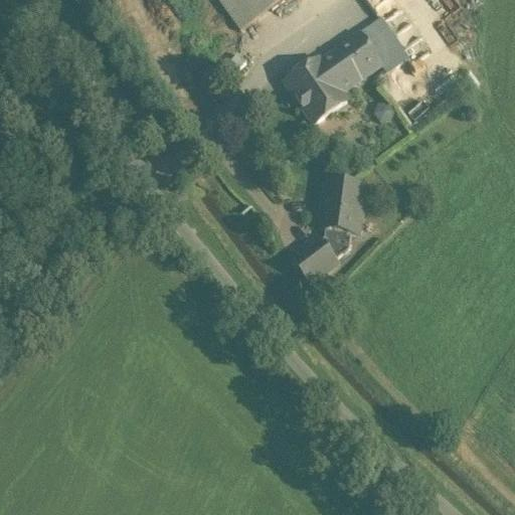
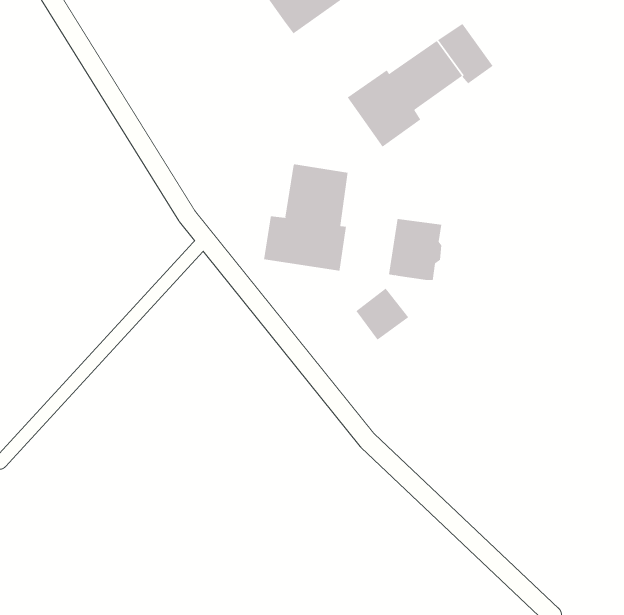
building: none -> [263,164,348,271]
building: [320,227,352,259] -> none

